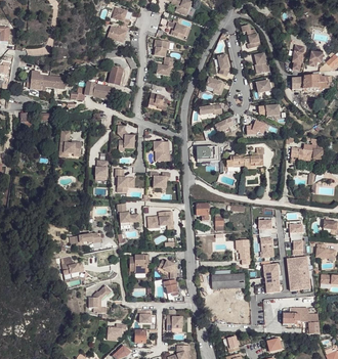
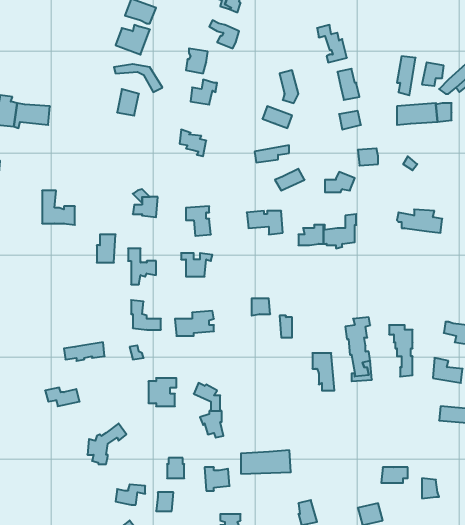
building: [70,80,111,101] -> none
building: [288,257,309,289] -> none
building: [260,260,280,293] -> none
building: [212,272,245,287] -> [241,450,291,474]

